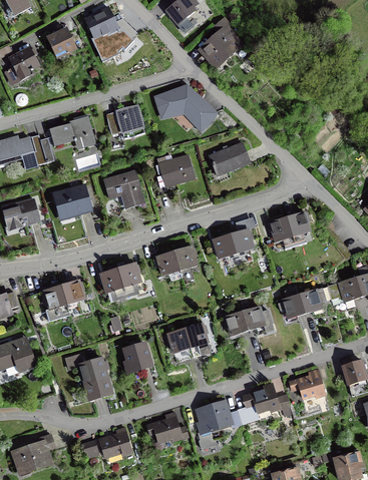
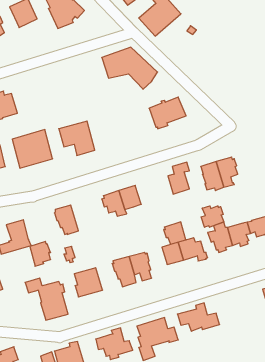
building: [106,104,145,139] -> none
building: [50,113,96,149] -> none
building: [154,153,196,188] -> none
building: [211,233,237,260] -> [164,222,186,244]
building: [117,263,144,298] -> none
building: none -> [201,206,224,227]
building: [62,279,86,308] -> [30,241,51,266]
building: [289,368,327,400] -> none

